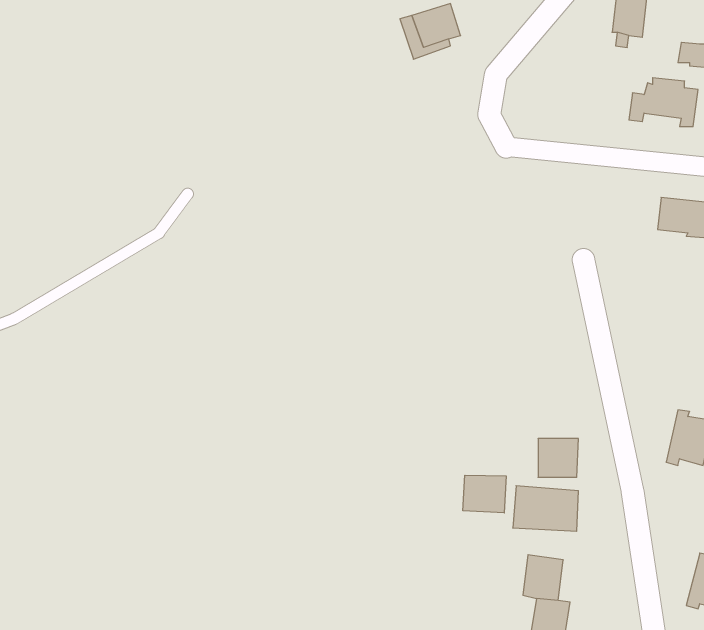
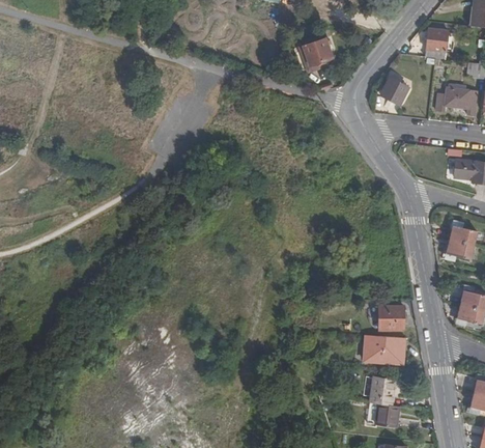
building: none -> [379,77,408,104]
building: none -> [447,226,476,257]
building: [463,475,506,513] -> none

